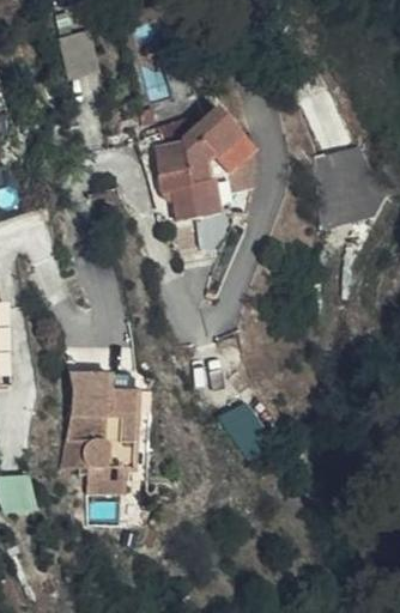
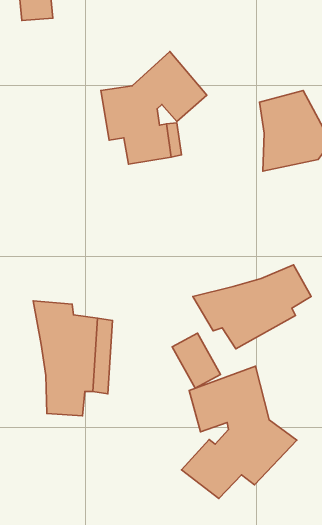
building: none -> [193,265,311,349]
building: none -> [181,366,297,499]

